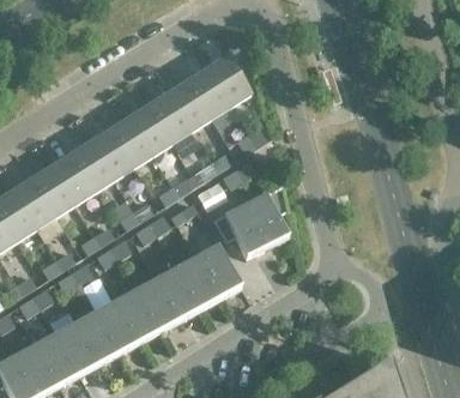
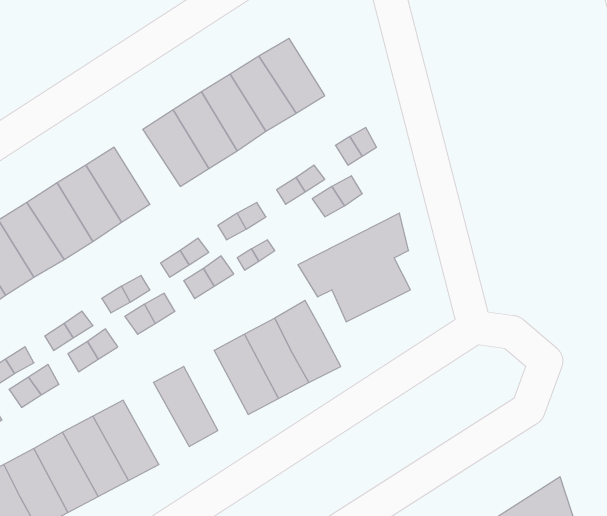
building: [206,55,250,107] -> none
building: [89,129,133,180] -> none
building: [135,278,178,332] -> none
building: [95,300,139,355] -> none

